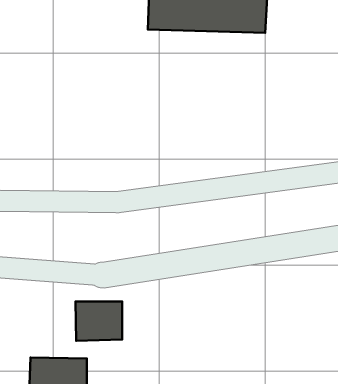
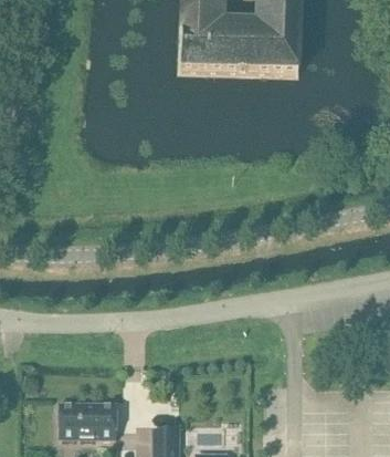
building: [75,301,122,341] -> none

